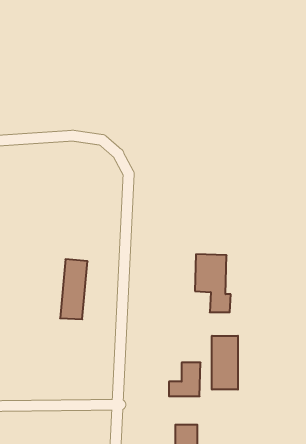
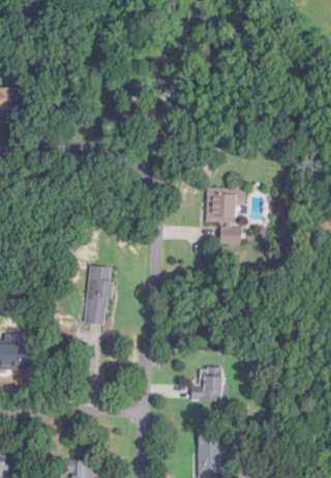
building: [195,254,231,312] -> [206,187,241,244]
building: [212,336,238,390] -> none

